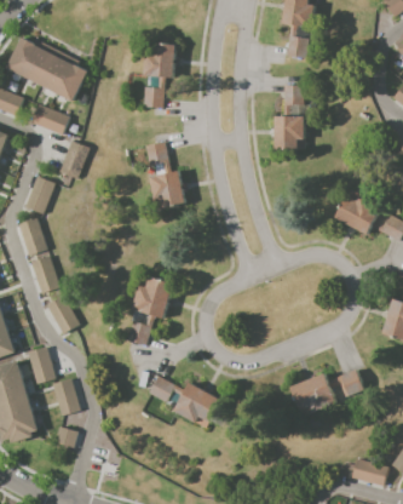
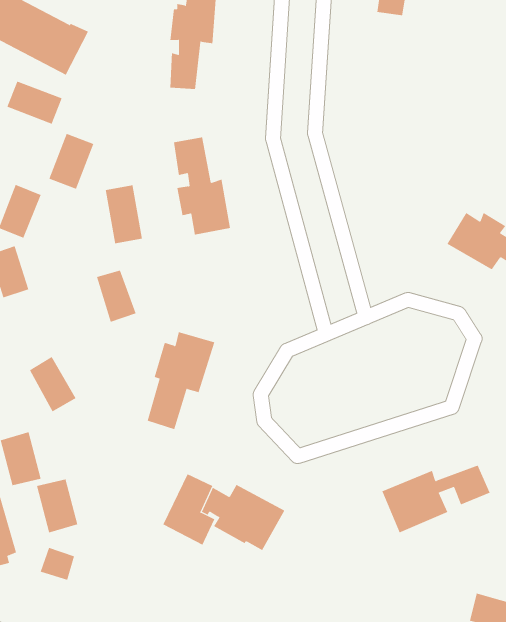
building: [275,84,304,150] -> none
building: none -> [105,185,143,244]
building: [31,256,59,292] -> [96,270,136,322]

